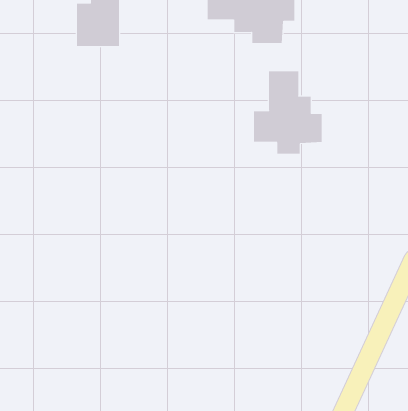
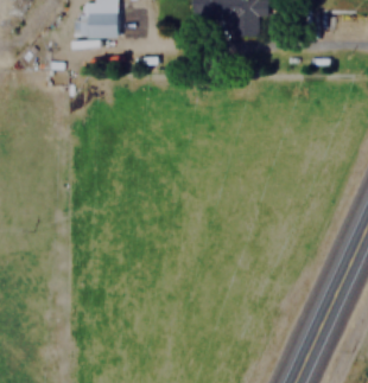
building: [253,71,322,155] -> none

